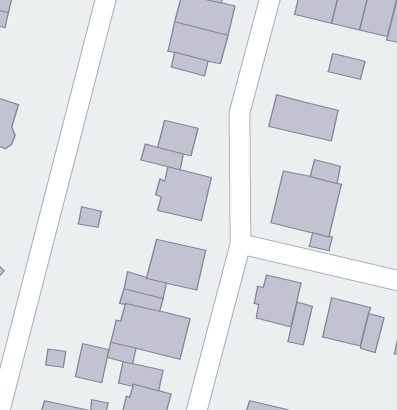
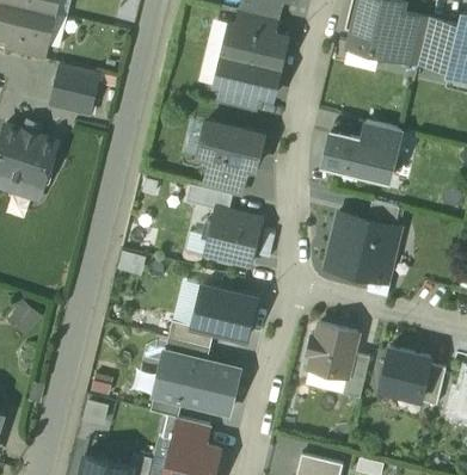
building: none -> [51,64,98,115]
building: [328,54,365,79] -> [362,121,401,148]
building: none -> [198,122,263,168]
building: [76,344,109,383] -> none

